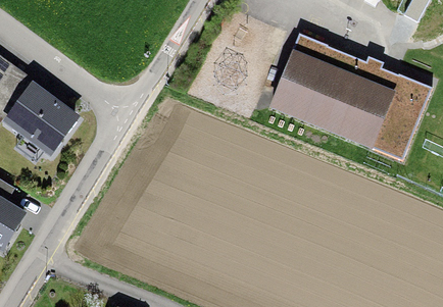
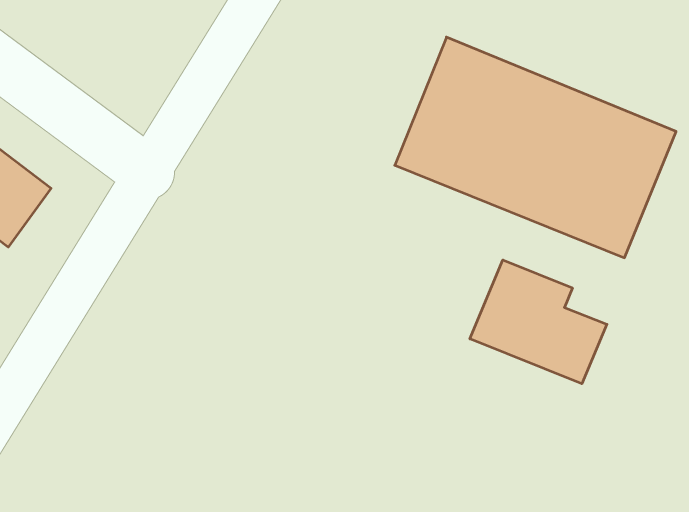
building: none -> [470,260,607,384]

